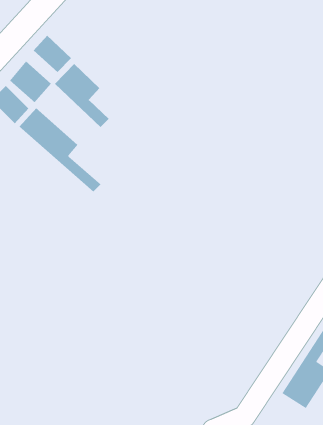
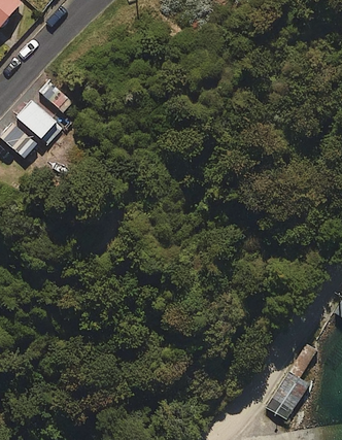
building: [54,63,110,128] -> none
building: [18,107,101,193] -> none

